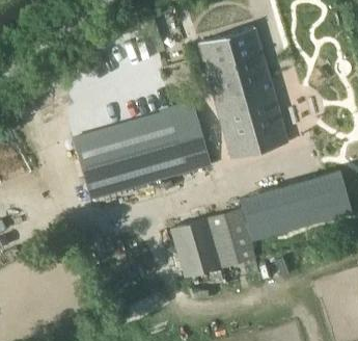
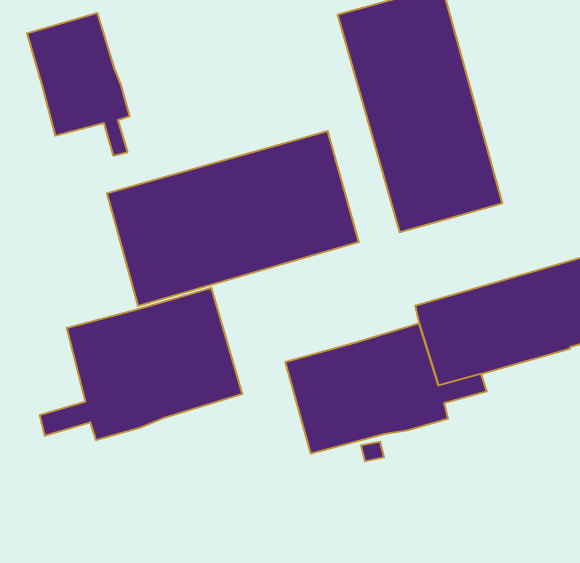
building: none -> [27,13,130,156]
building: none -> [40,288,242,440]

